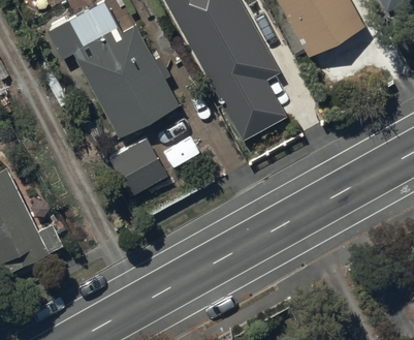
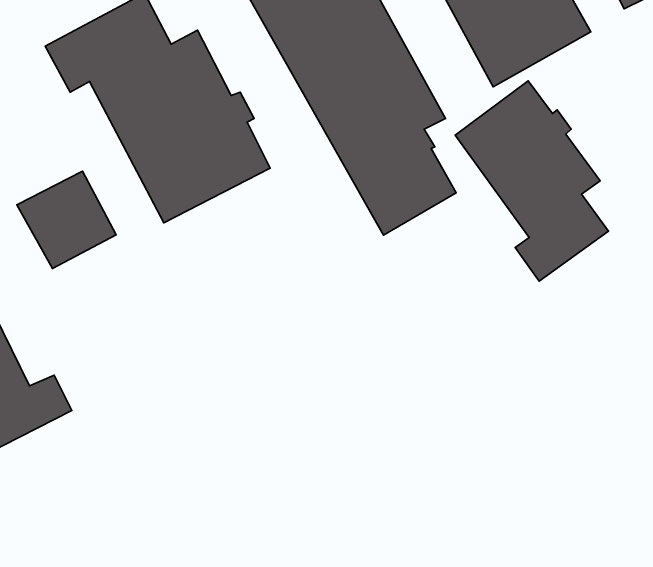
building: none -> [455,81,608,281]
building: [109,141,167,197] -> [17,171,116,268]

